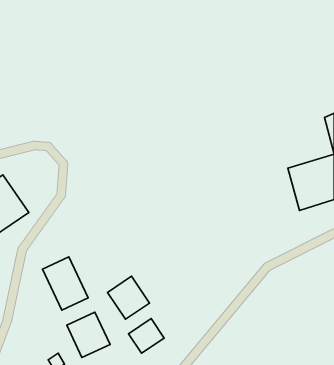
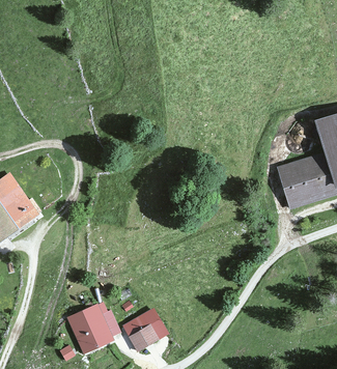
building: [43,257,88,310] -> none
building: [107,276,150,319] -> none

